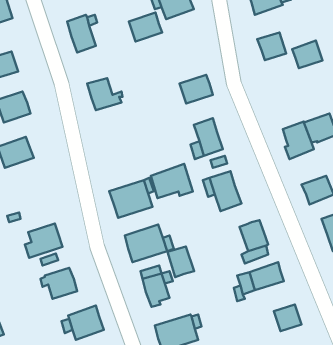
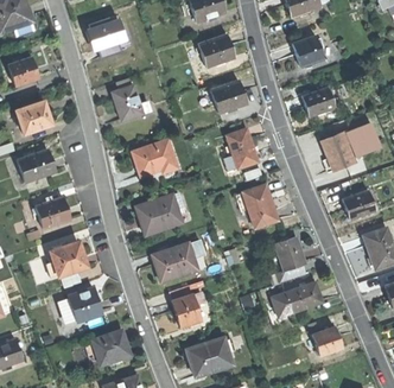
building: [129,13,162,41] -> [199,34,235,65]
building: [292,40,322,68] -> [304,85,336,115]
building: [151,164,193,198] -> [133,138,178,174]
building: none -> [36,196,71,227]
building: [168,247,194,277] -> none

